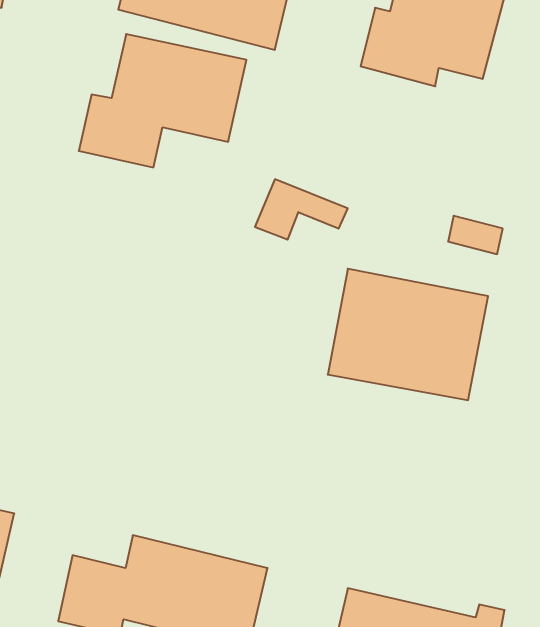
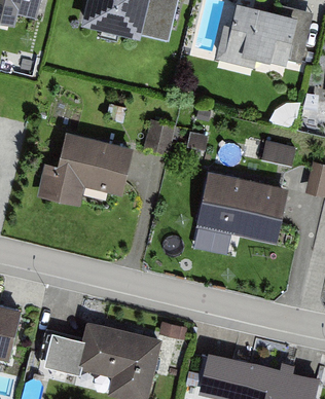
building: [79,34,246,167] -> [37,134,132,209]

